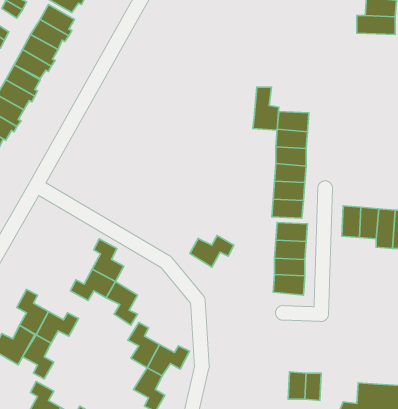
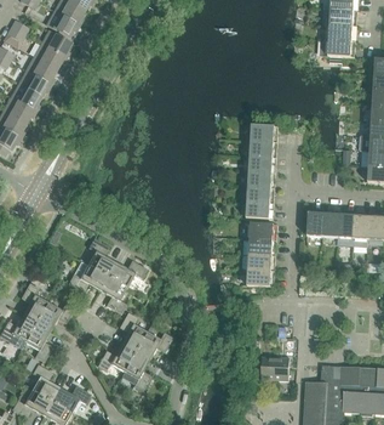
building: [253,87,279,130] -> none
building: [190,236,234,267] -> [107,260,145,288]
building: none -> [97,344,134,372]

